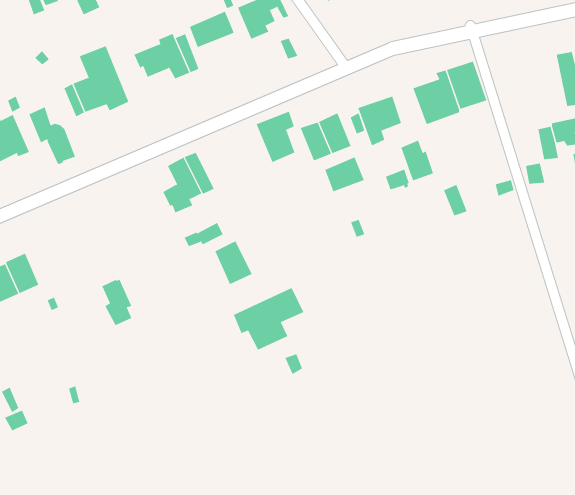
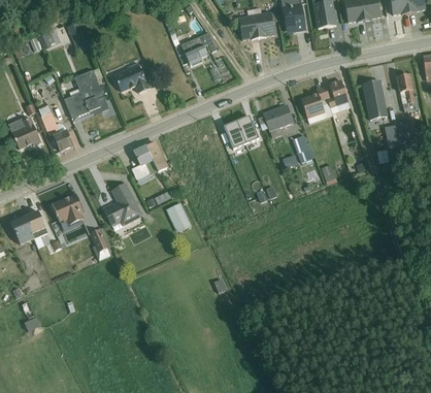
building: [189,11,235,48] -> none
building: none -> [363,81,387,120]
building: [256,111,295,163] -> none
building: [325,157,365,192] -> none
building: none -> [102,184,141,226]
building: none -> [52,194,85,232]
building: [233,287,304,350] -> none

